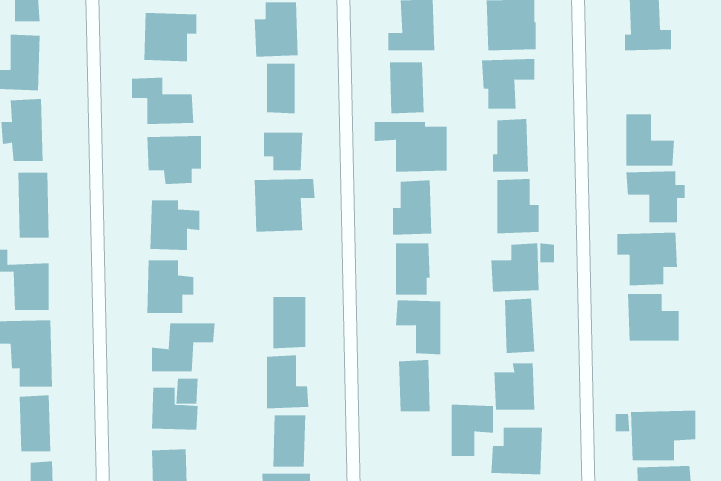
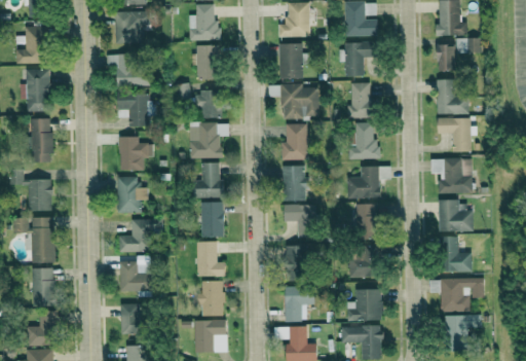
building: none -> [437,38,481,72]
building: none -> [192,163,221,198]
building: none -> [440,237,472,272]
building: [451,404,494,456] -> [285,286,313,321]

